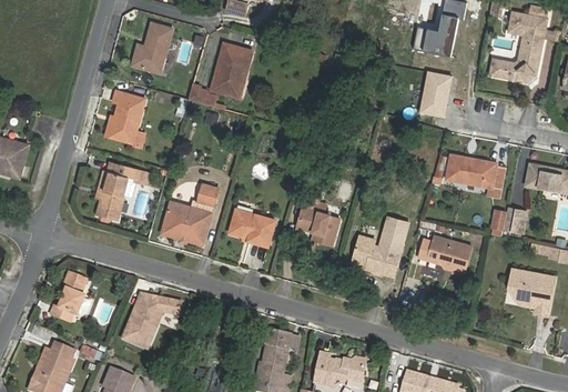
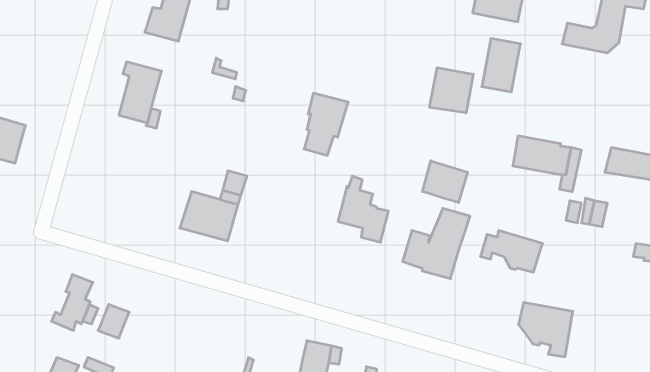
building: [215,43,253,97] -> [304,93,348,155]
building: none -> [430,68,473,113]
building: [95,164,146,221] -> none
building: none -> [423,161,468,203]
building: [229,209,275,247] -> none
building: [508,269,555,315] -> [518,302,573,357]
building: [122,293,182,349] -> none

